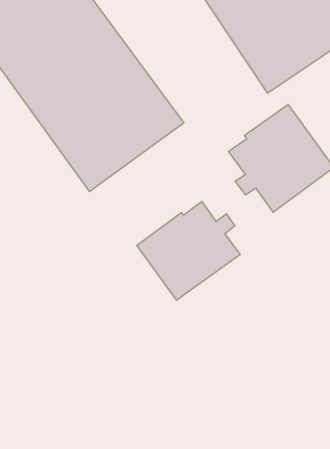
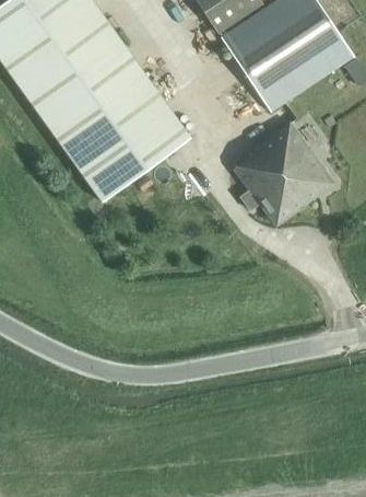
building: [137,201,240,300] -> none

